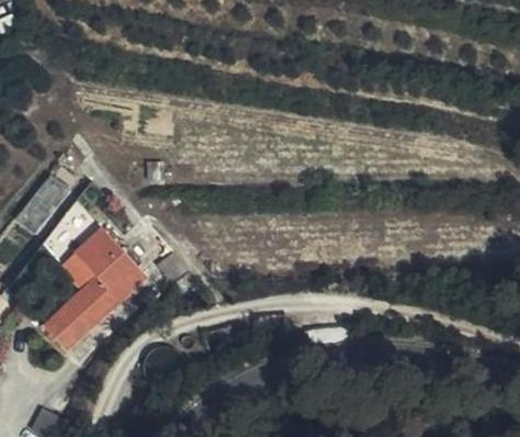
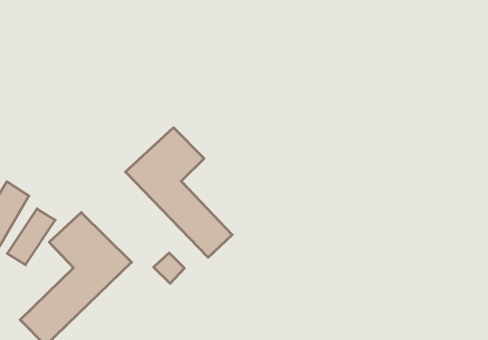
building: none -> [125,128,232,257]

